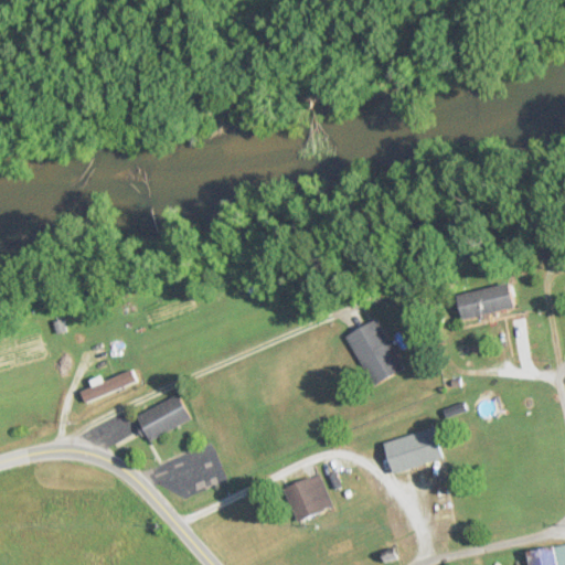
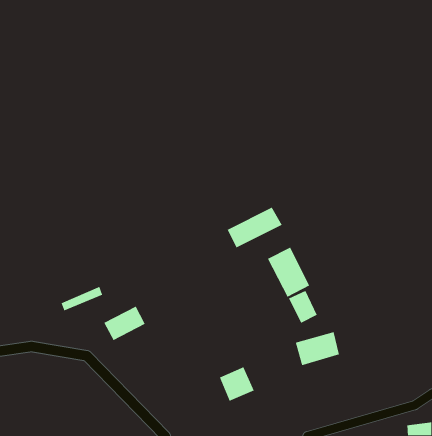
building: none -> [226,207,283,248]
building: [455,284,513,319] -> none
building: none -> [288,290,318,324]

